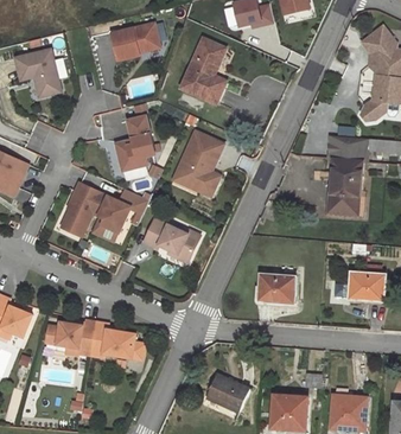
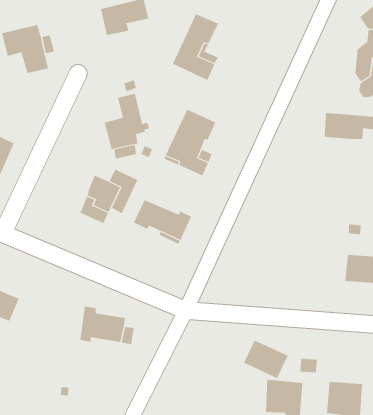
building: [319,158,358,216] -> none
building: [64,181,104,236] -> none
building: [257,273,295,302] -> none
building: [46,319,95,355] -> none
building: [205,374,249,411] -> [243,340,288,379]

